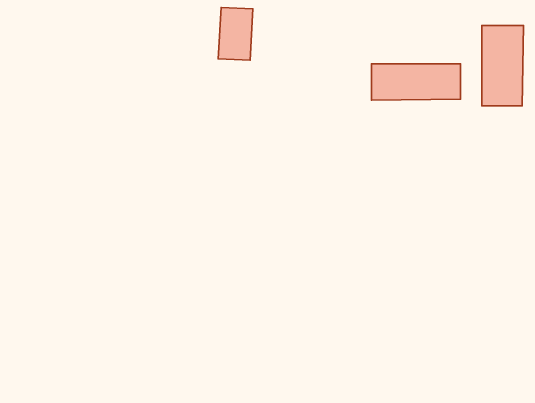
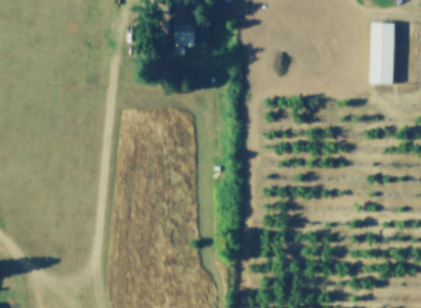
building: [371,64,460,100] -> none

